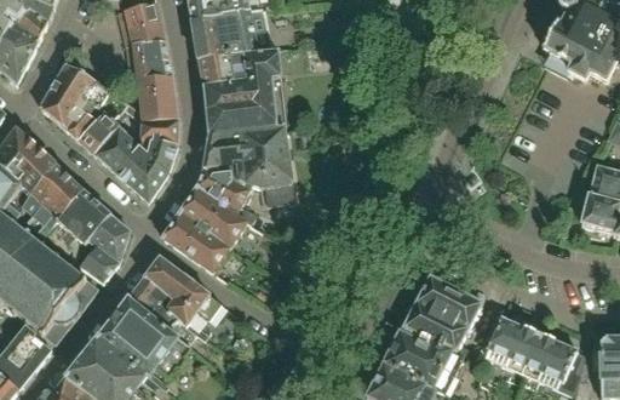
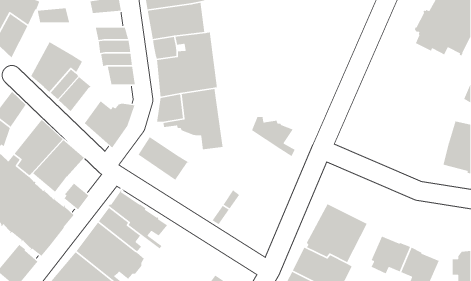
building: [121,22,165,42] -> [37,7,70,23]
building: [137,119,178,144] -> none
building: [93,122,132,168] -> none
building: [6,144,54,208] -> none
building: [196,167,256,221] -> [250,116,296,157]
building: [161,210,230,272] -> none
building: [88,213,130,263] -> none

